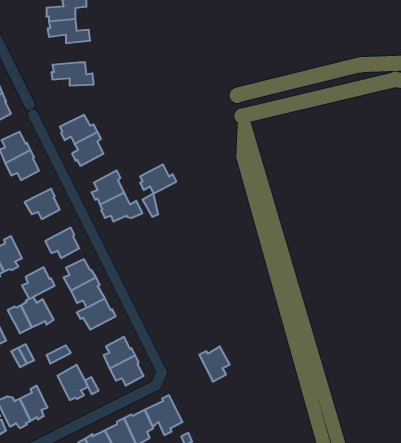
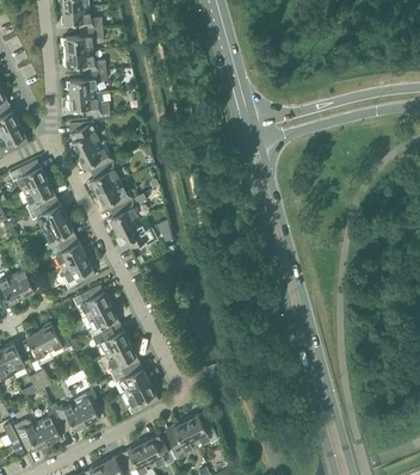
building: none -> [66,70,105,94]
building: none -> [67,122,99,155]
building: [140,164,176,194] -> [95,181,131,210]
building: none -> [29,198,67,229]
building: [22,267,55,299] -> [54,236,86,267]
building: none -> [105,341,138,371]
building: [199,346,230,382] -> [183,411,212,445]
building: none -> [52,402,85,432]

